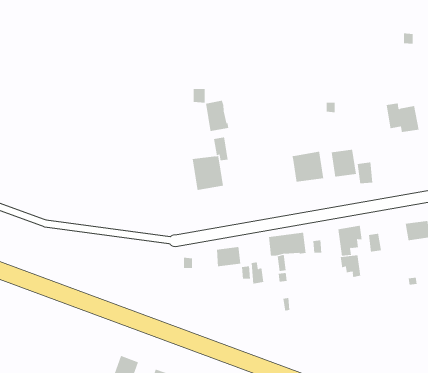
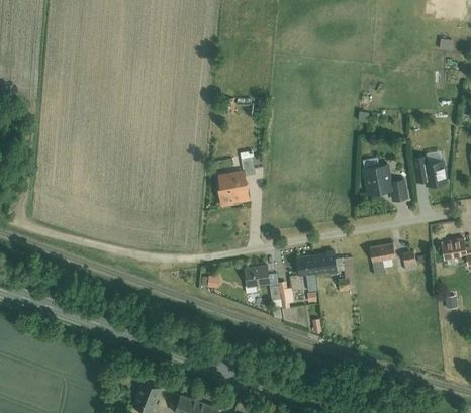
building: [205,100,229,132] -> none
building: [386,103,420,133] -> [412,154,448,186]
building: [292,151,324,183] -> none
building: [340,254,361,278] -> none

